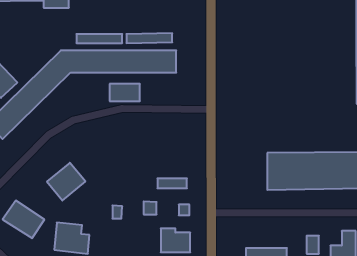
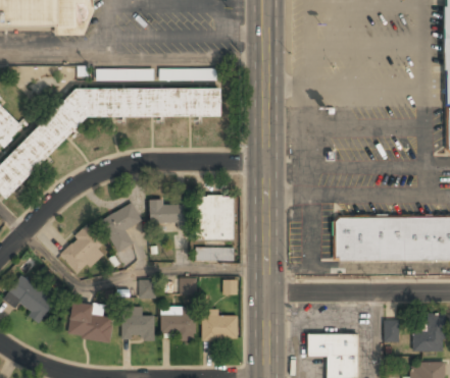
building: [110,84,140,101] -> [149,203,187,224]
building: none -> [197,196,234,240]
building: none -> [100,204,142,253]
building: none -> [122,308,154,339]
building: none -> [161,310,195,338]

